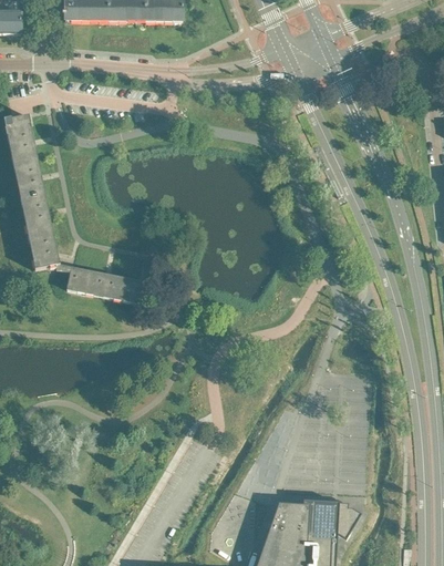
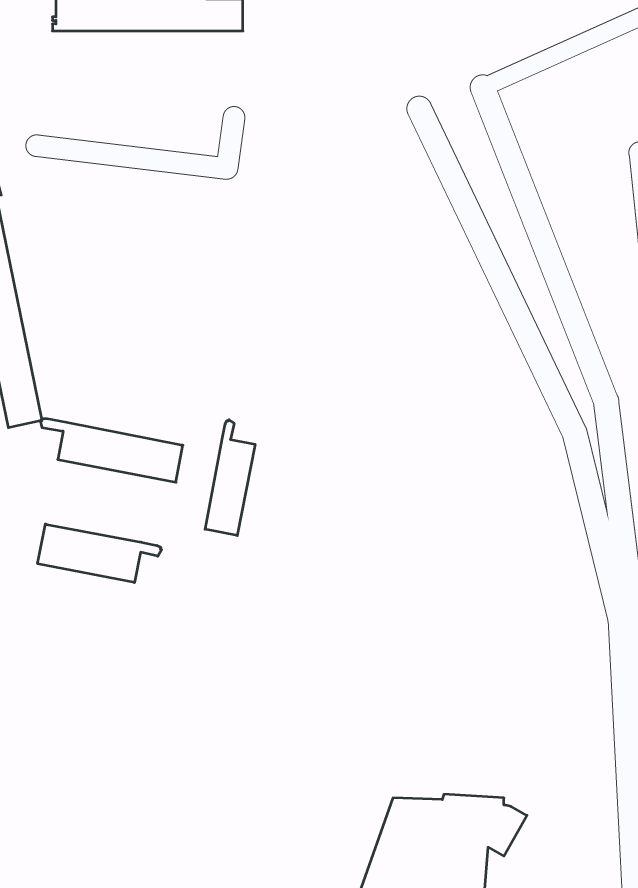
building: none -> [205,420,255,536]
building: none -> [38,524,162,583]

